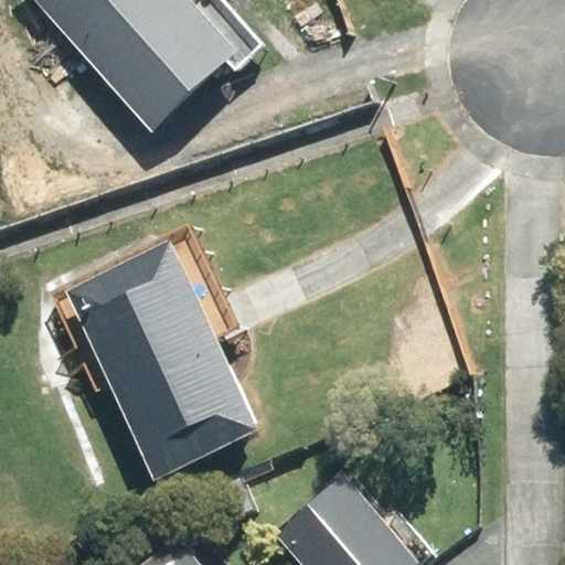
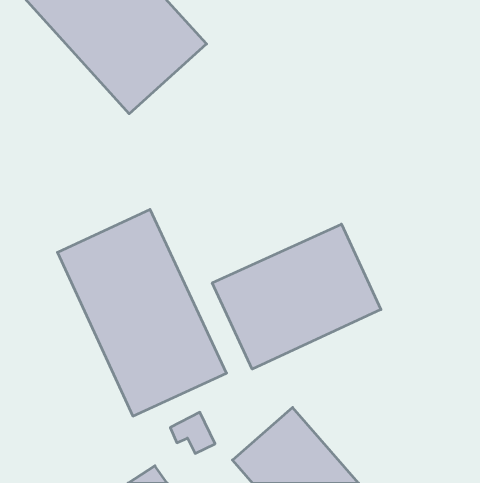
building: none -> [212,224,381,369]

